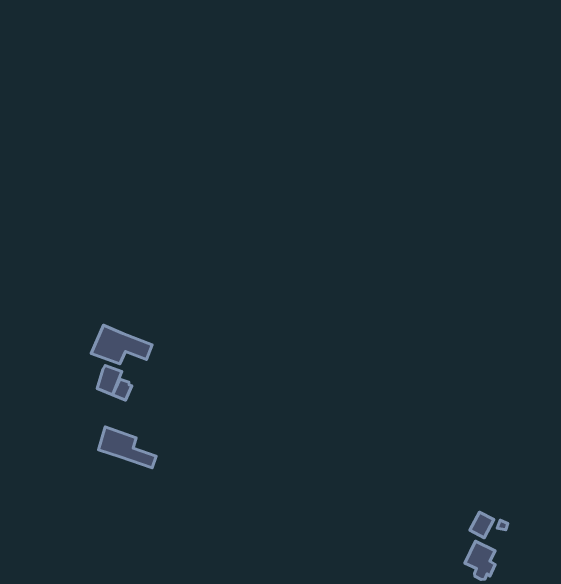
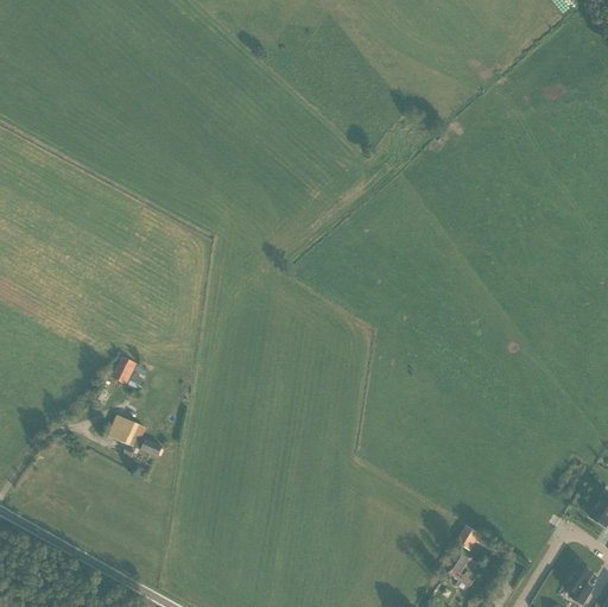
building: [91,325,152,364] -> none

